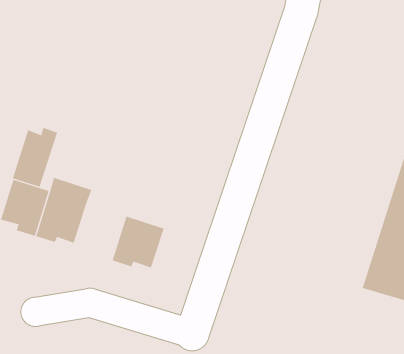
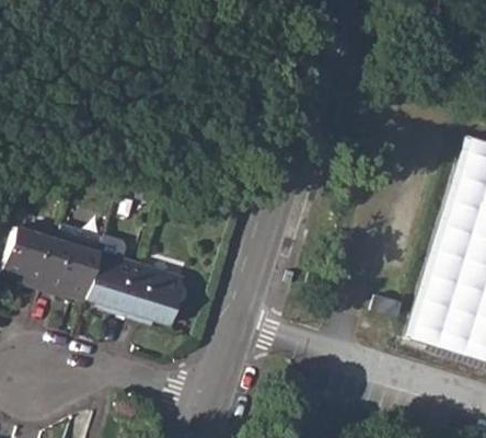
building: [12,127,58,187] -> none
building: none -> [83,252,140,315]

